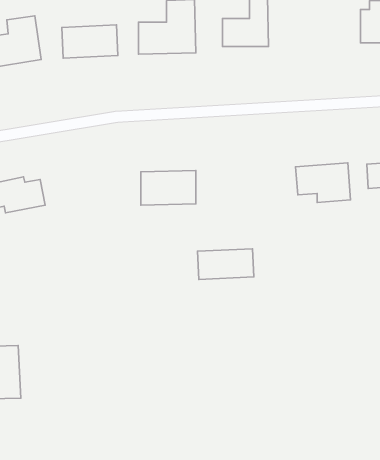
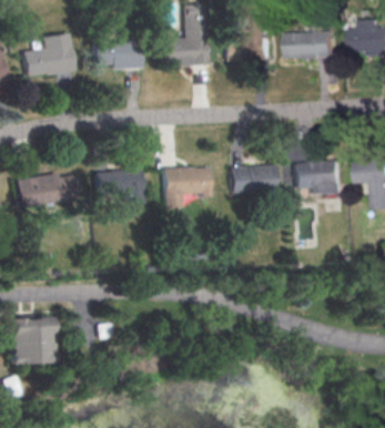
building: none -> [286,32,334,59]
building: none -> [97,170,142,203]
building: [198,249,254,279] -> [230,166,278,193]

